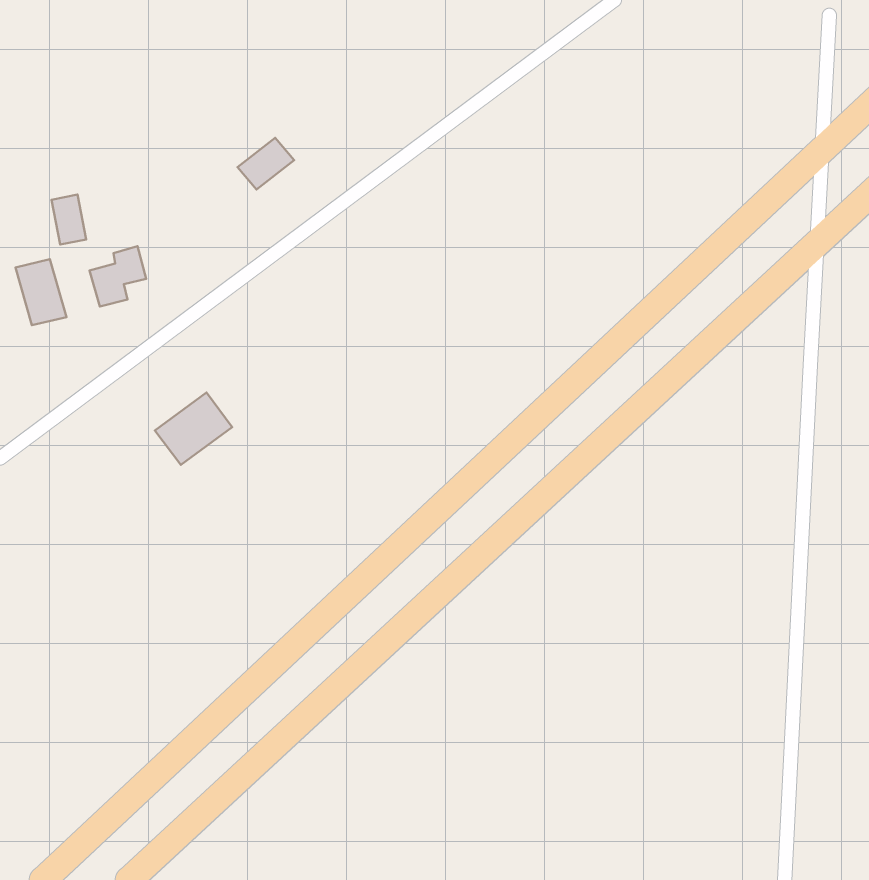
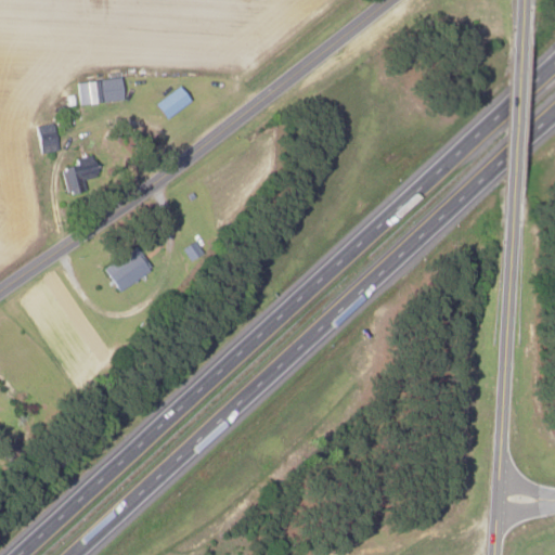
building: none -> [80,78,126,104]
building: [15,259,66,325] -> none

